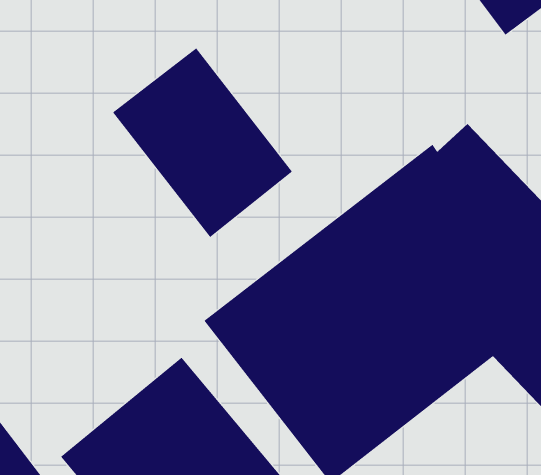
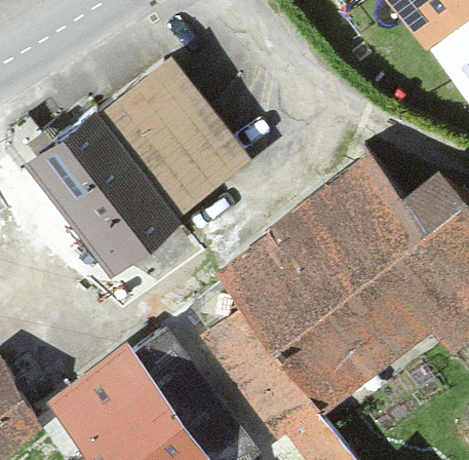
building: none -> [15,111,183,286]

